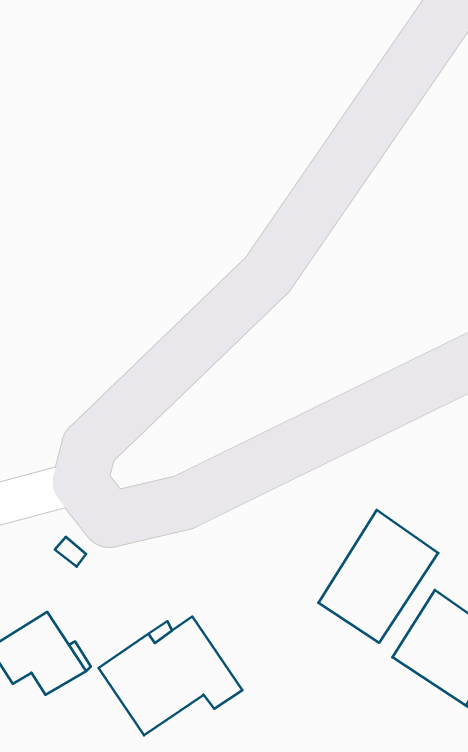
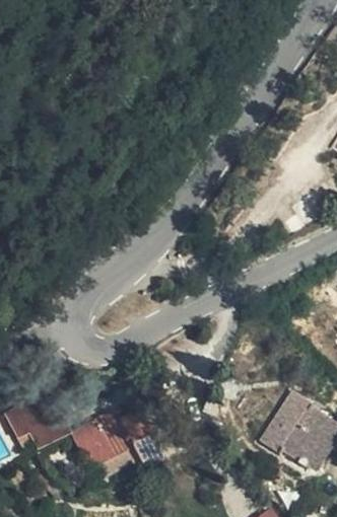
building: [318,510,438,643] -> none

